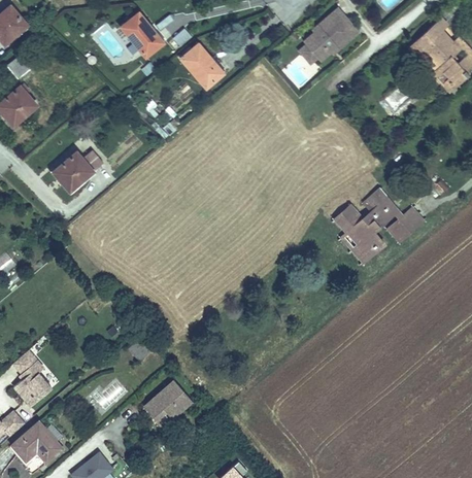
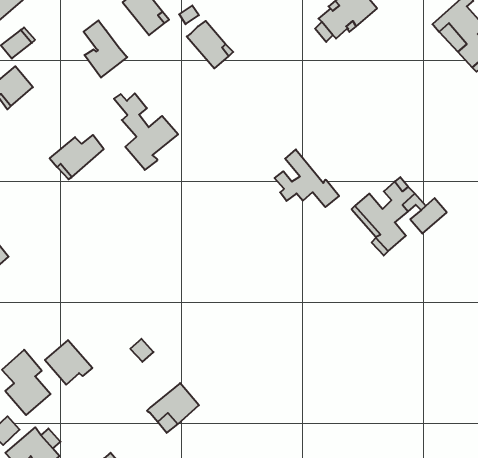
building: none -> [84,20,127,78]
building: none -> [114,93,178,170]
building: none -> [275,149,339,207]
building: none -> [45,340,92,385]

